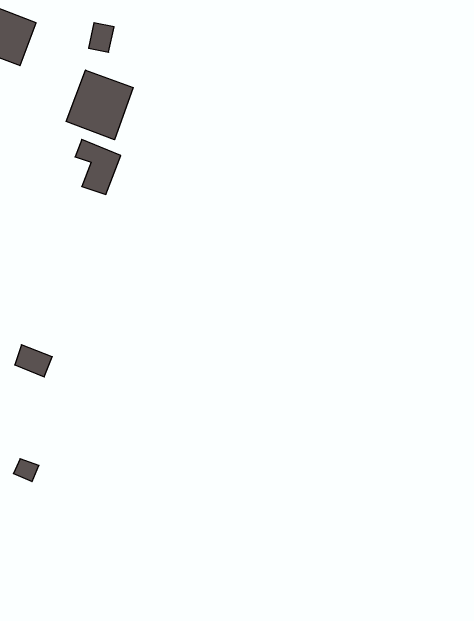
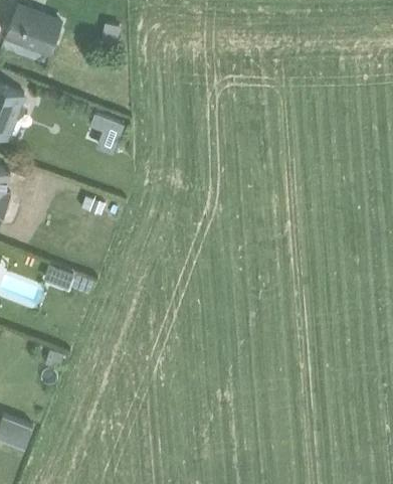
building: [66,70,133,140] -> none

